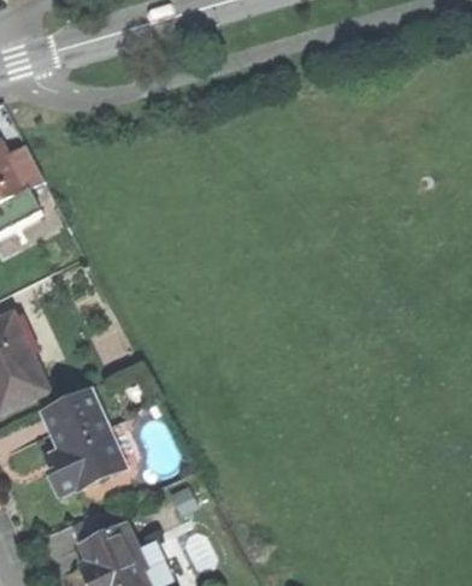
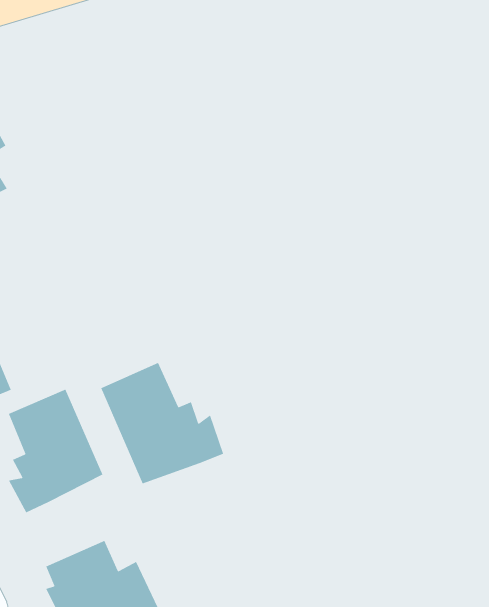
building: none -> [100,362,224,484]

